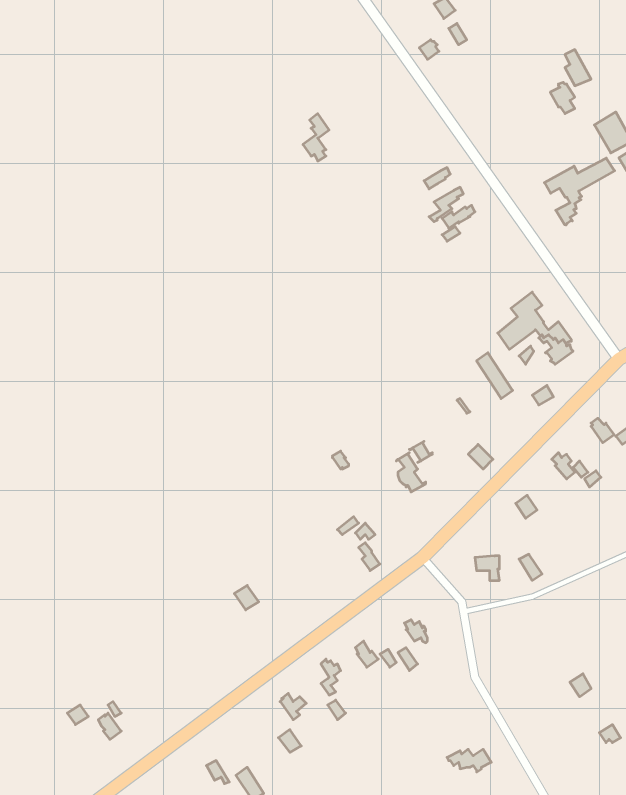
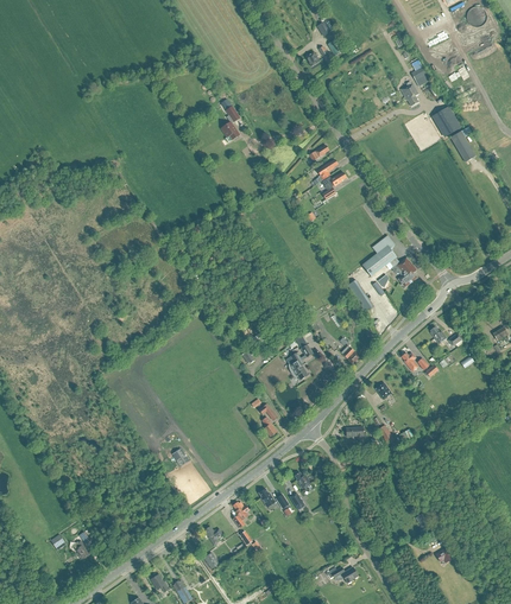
building: [544,158,615,225] -> none

